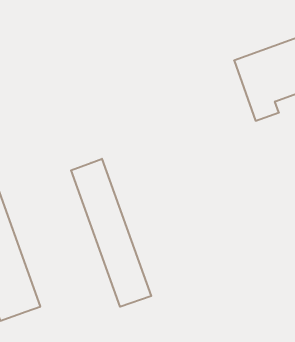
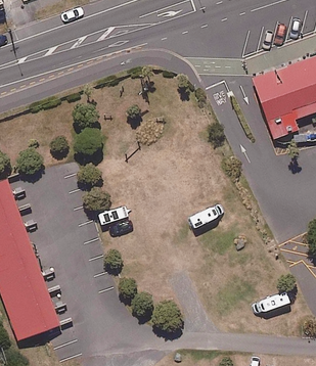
building: [71,159,151,307] -> none

